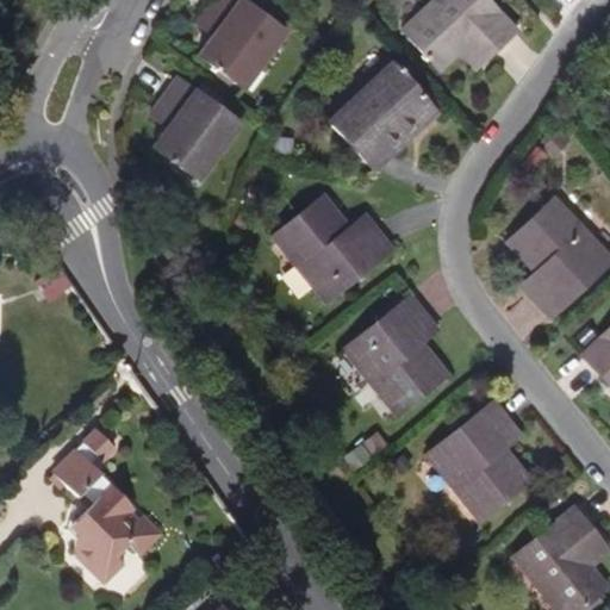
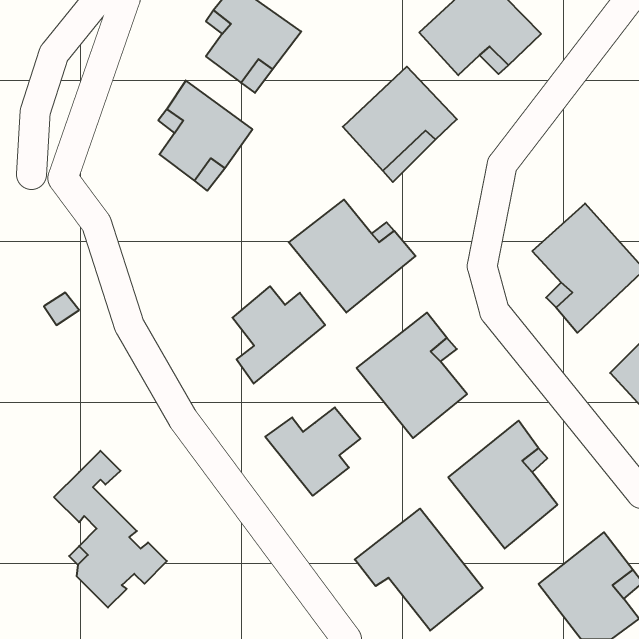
building: none -> [232,286,325,384]
building: none -> [265,407,360,496]
building: none -> [355,509,483,631]

